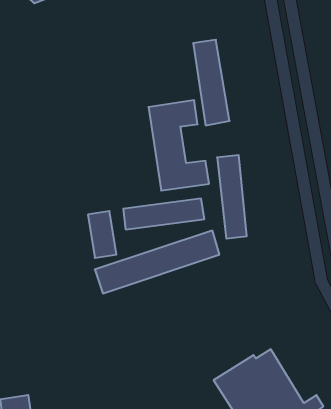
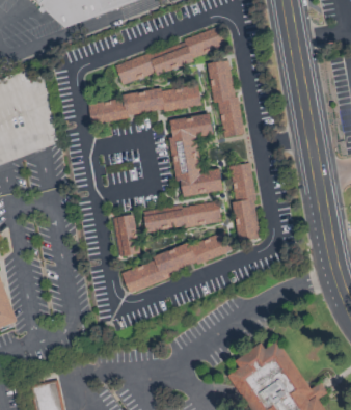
building: none -> [114,29,225,84]
building: none -> [87,87,200,121]

